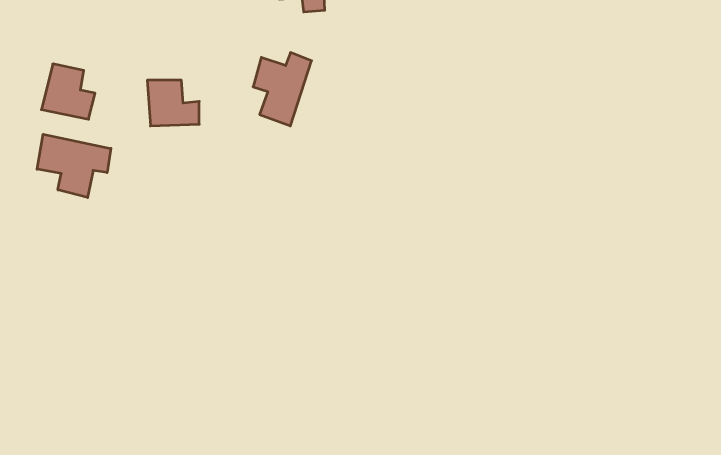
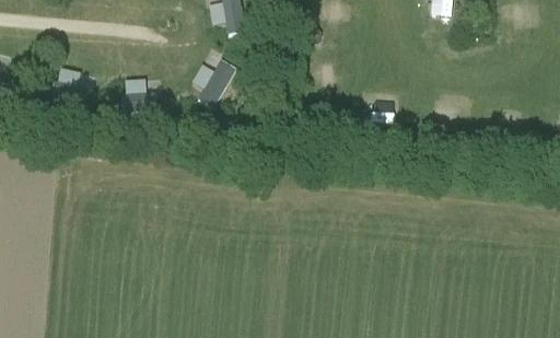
building: [37,134,111,198] -> none

